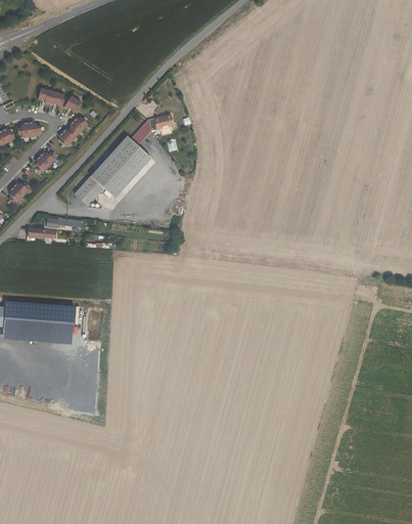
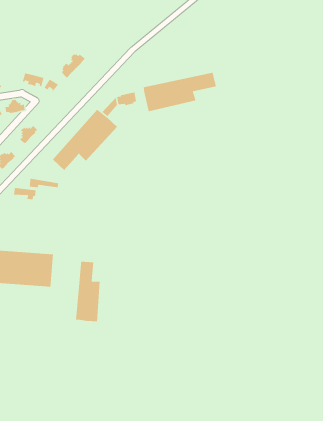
building: none -> [143,72,217,112]
building: [58,117,88,147] -> [61,52,86,78]
building: none -> [75,261,101,322]

